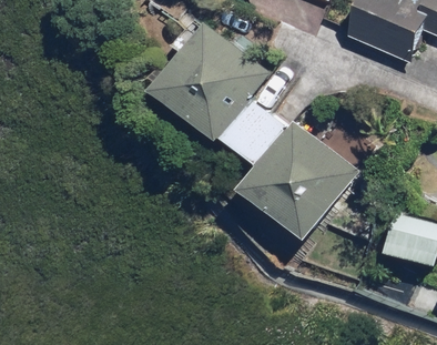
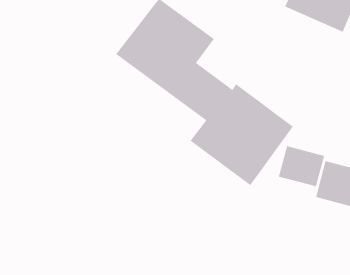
building: none -> [278,145,325,187]

